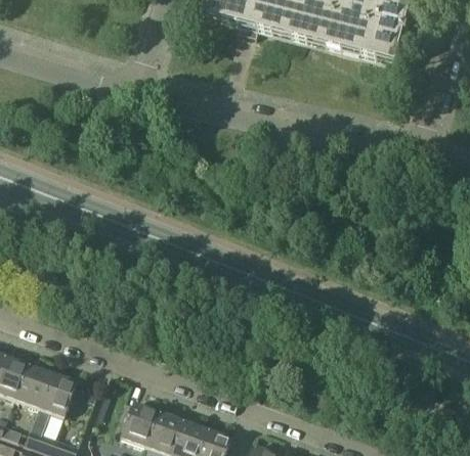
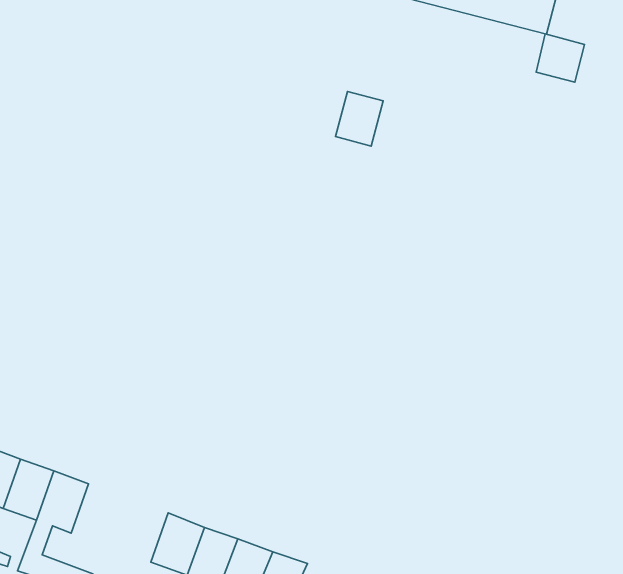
building: none -> [536,34,585,82]
building: none -> [335,91,383,146]

